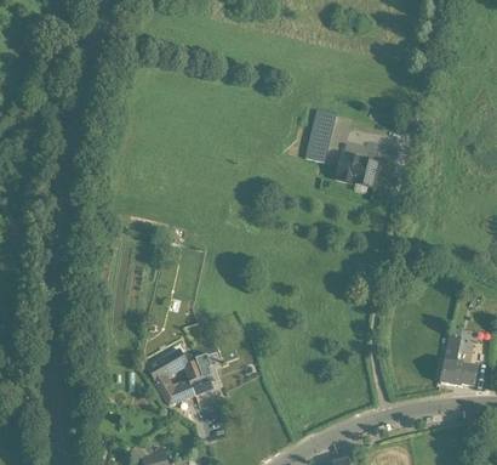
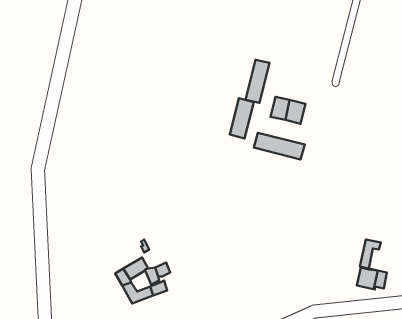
building: none -> [230,98,254,139]
building: none -> [254,133,305,159]

